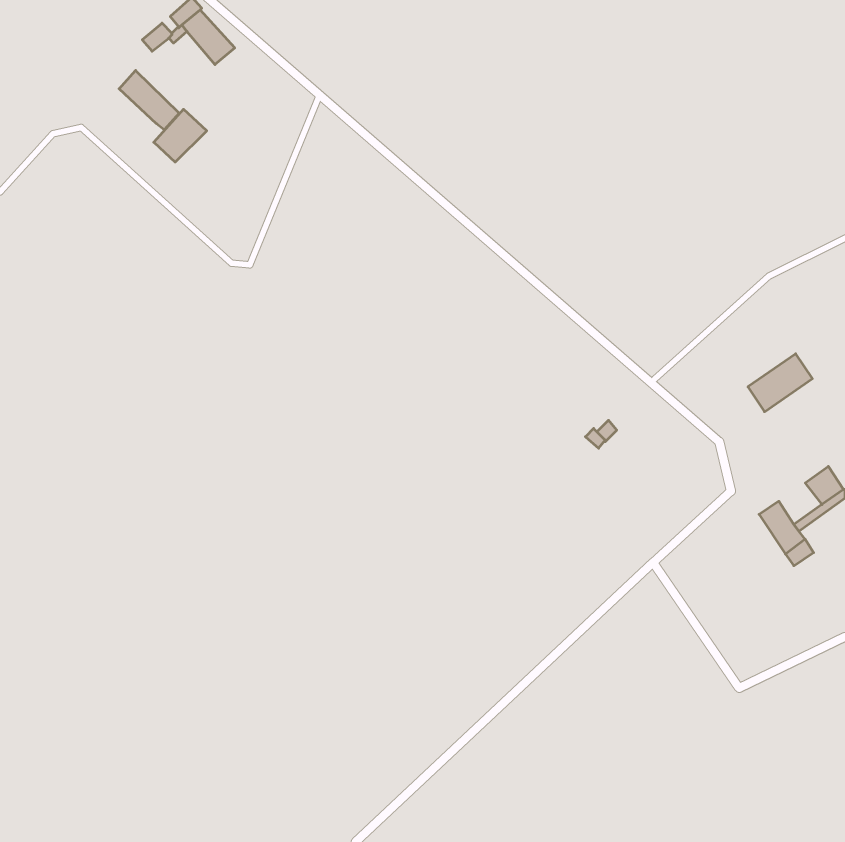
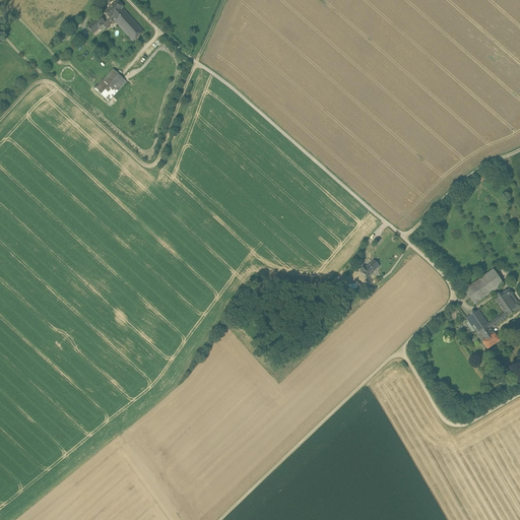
building: [119,70,179,130] -> none
building: [748,354,812,412] -> [464,267,504,303]

